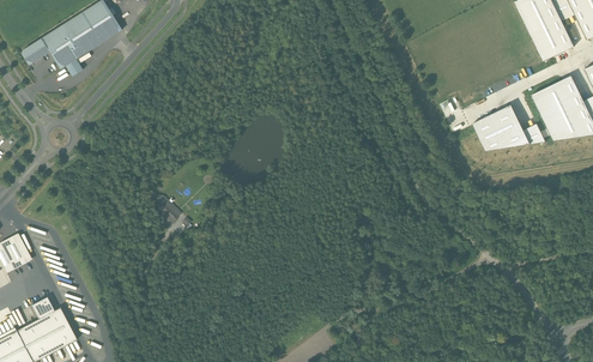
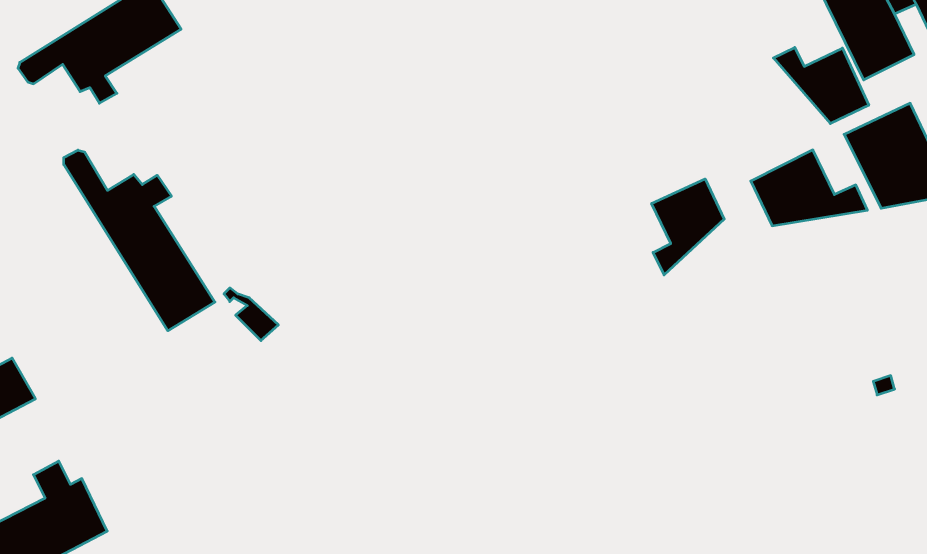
building: none -> [773,47,869,124]
building: none -> [64,150,215,331]
building: none -> [652,179,724,275]

